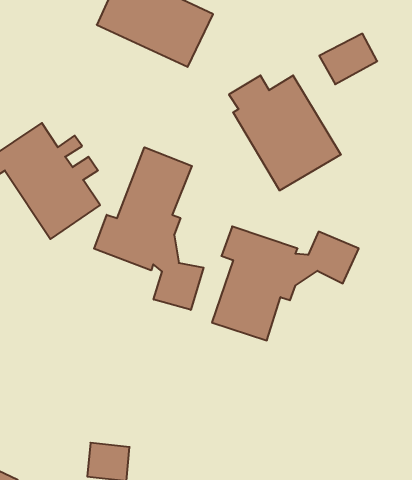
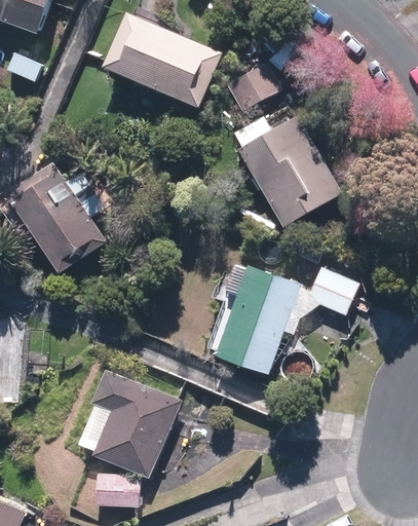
building: [319,34,377,84] -> [227,64,283,113]
building: [94,147,204,310] -> none
building: none -> [79,370,179,479]

